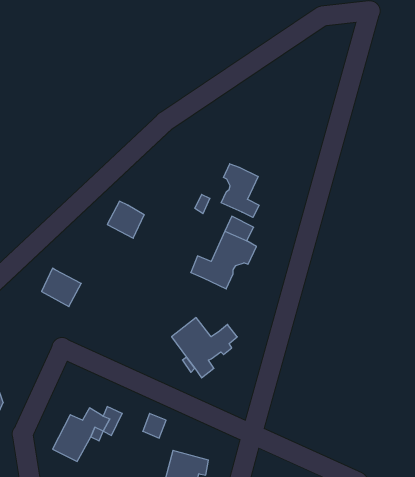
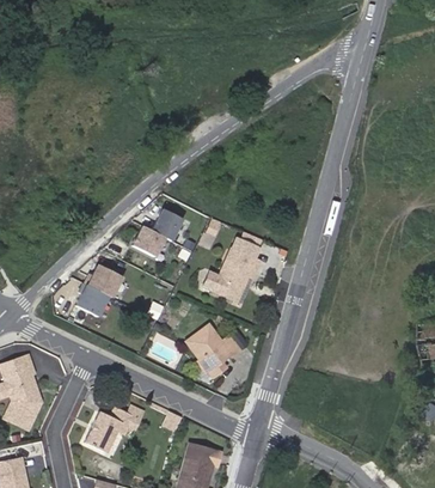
building: [221,164,259,217] -> none
building: none -> [149,207,180,239]
building: none -> [86,266,122,298]

